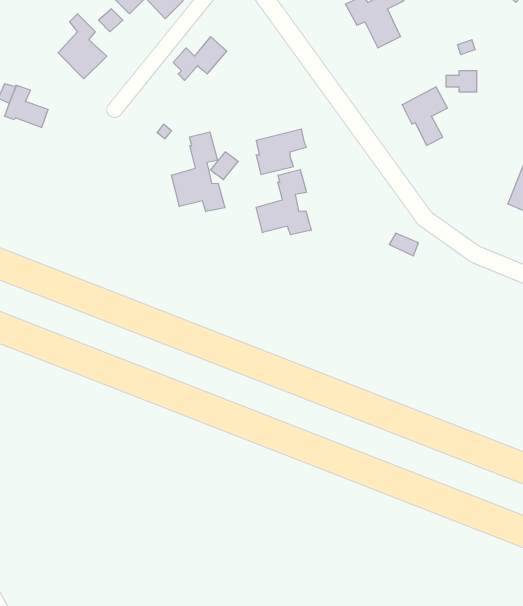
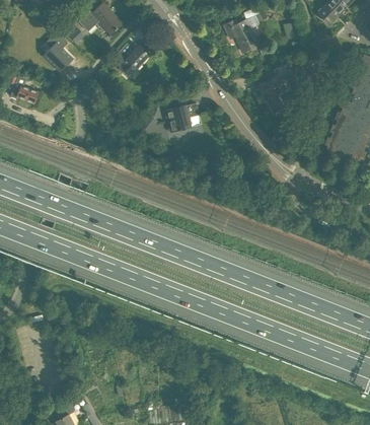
building: [172,132,225,212] -> none
building: [256,170,311,235] -> none

